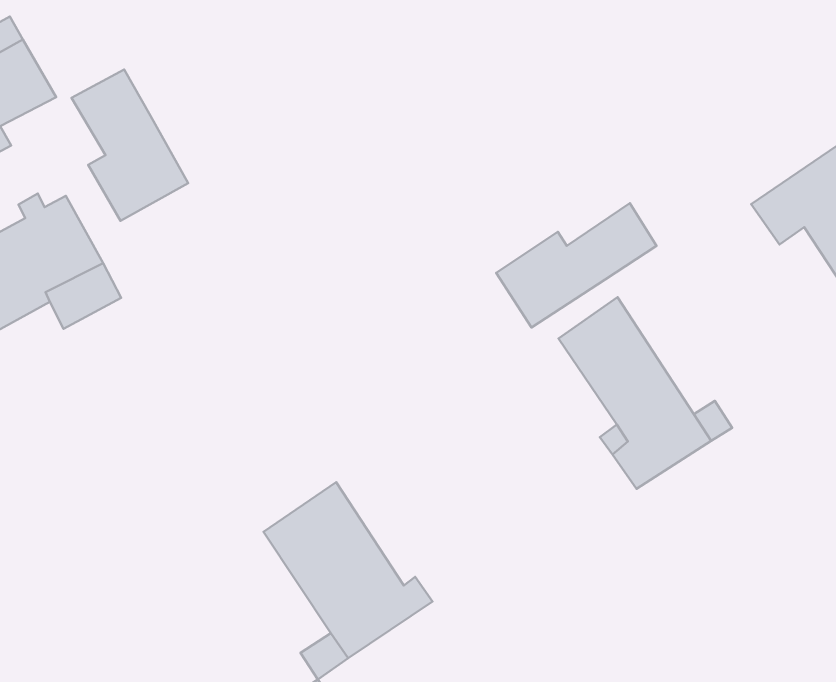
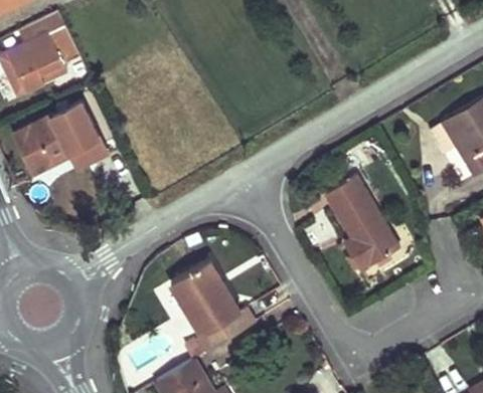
building: [72,69,188,221] -> none
building: [496,203,656,328] -> none

